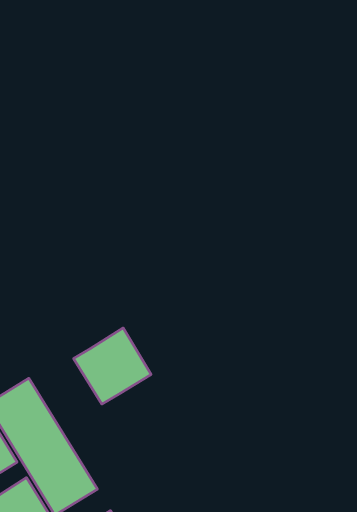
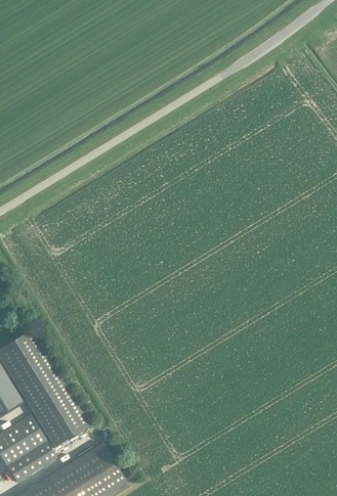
building: [73,328,151,404] -> none

